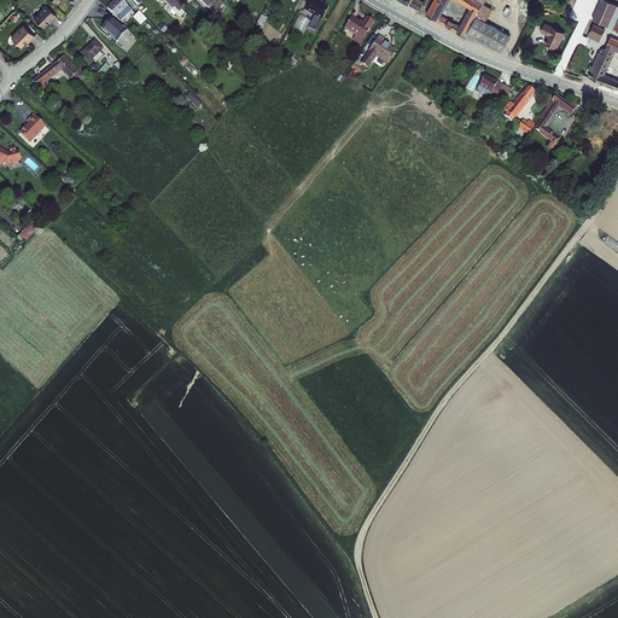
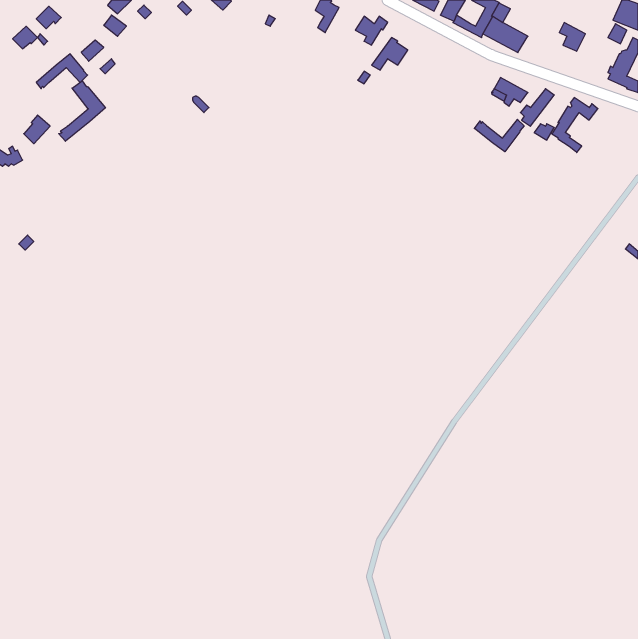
building: none -> [59,81,105,141]
building: none -> [474,119,524,152]

